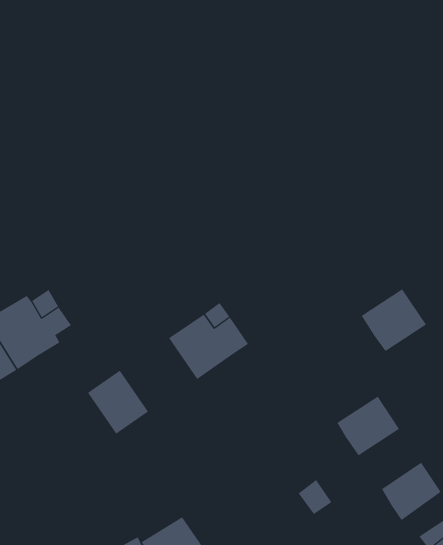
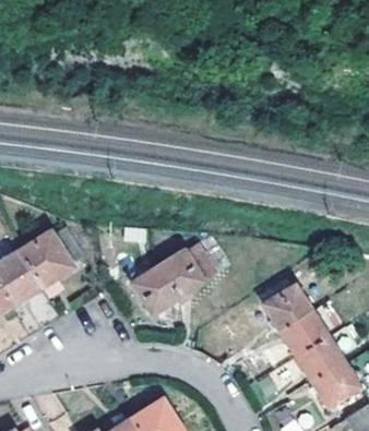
building: [361,289,427,352] -> [262,283,312,331]
building: [87,370,149,434] -> [128,266,175,315]
building: none -> [297,335,345,381]

